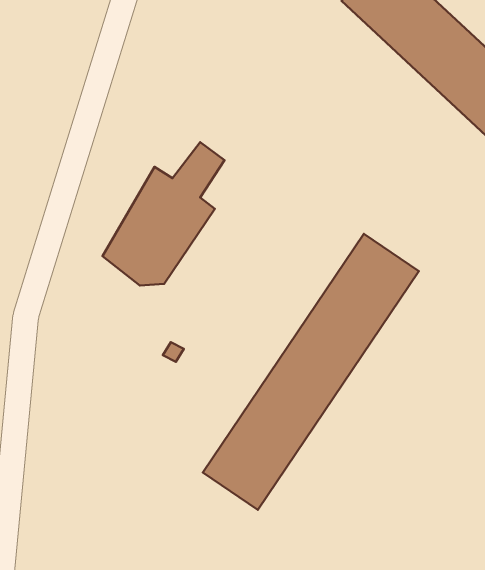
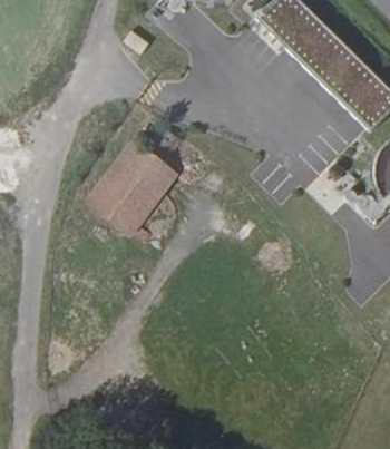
building: [203,234,419,510] -> none

